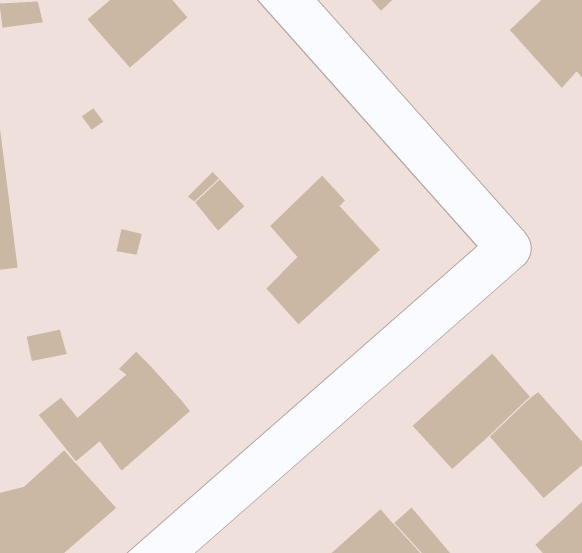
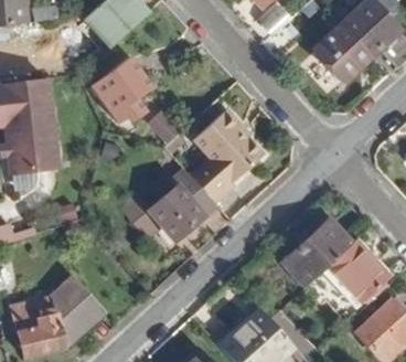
building: none -> [312,25,372,85]
building: none -> [92,56,153,124]
building: [37,351,191,472] -> [125,170,217,243]

